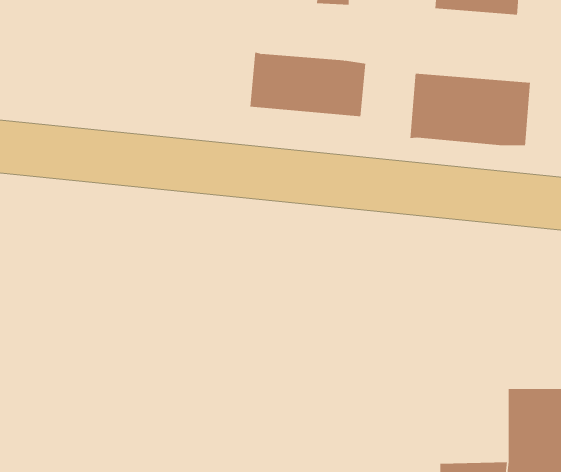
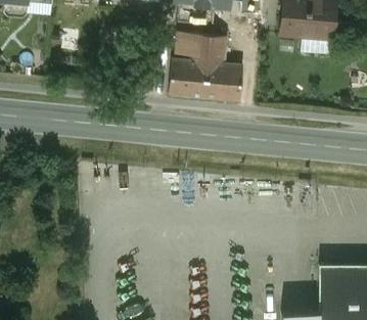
building: none -> [174,33,228,65]
building: [410,73,530,146] -> none

